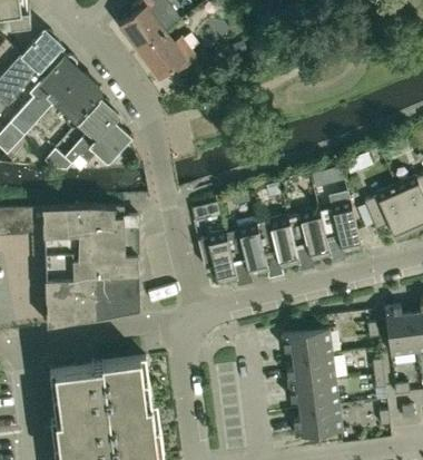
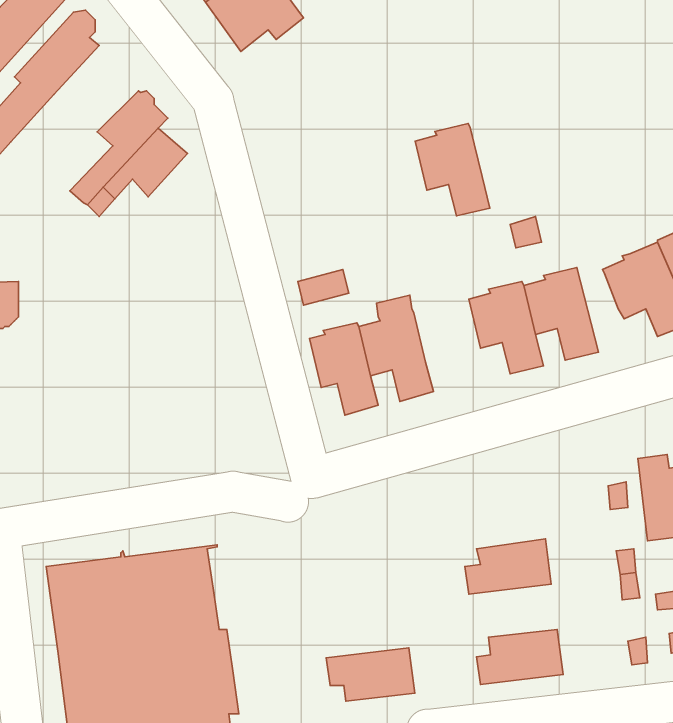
building: [53,74,100,123] -> none
building: [42,207,139,325] -> none
building: [257,216,299,268] -> [415,123,490,216]
building: [282,329,332,360] -> none
building: [288,380,338,410] -> [326,648,415,701]

